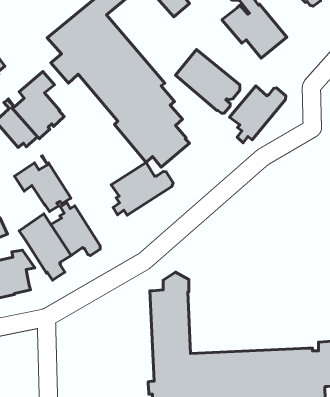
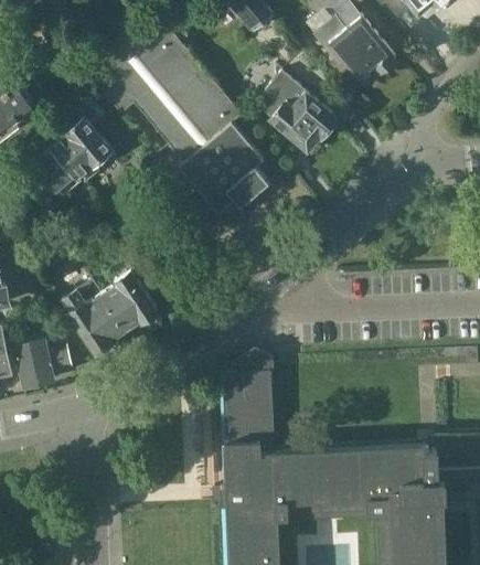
building: [229,86,286,143] -> none
building: [14,156,71,211] -> none
building: [111,163,173,215] -> none

